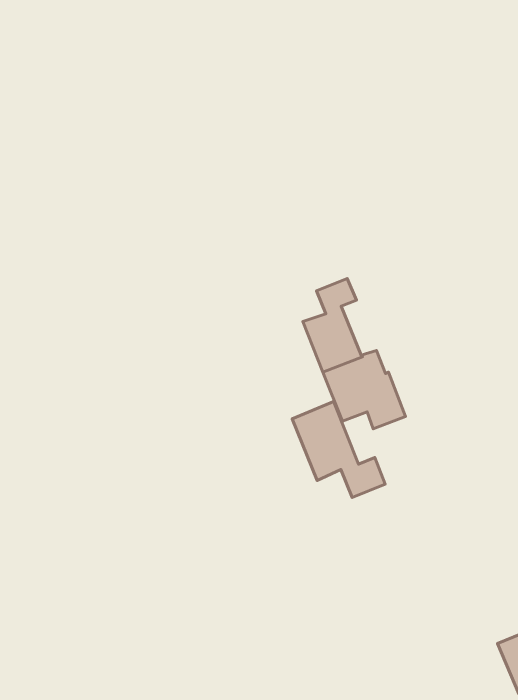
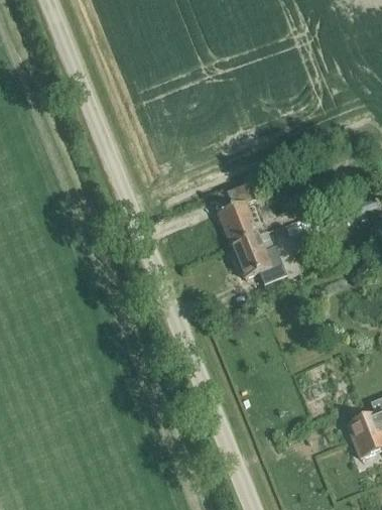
building: [292,401,385,497] -> none

